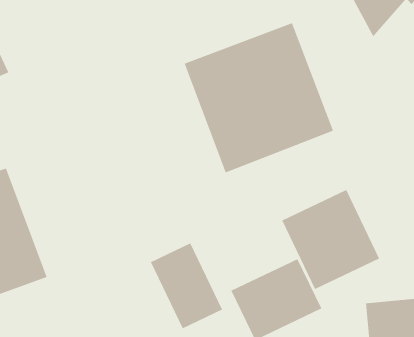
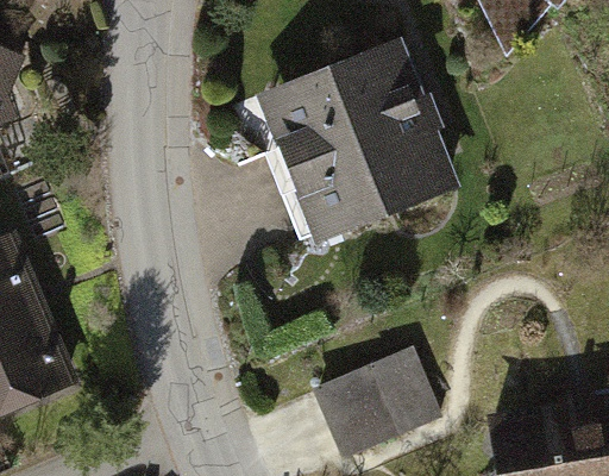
building: [282,189,380,290] -> none
building: [150,243,223,329] -> none

